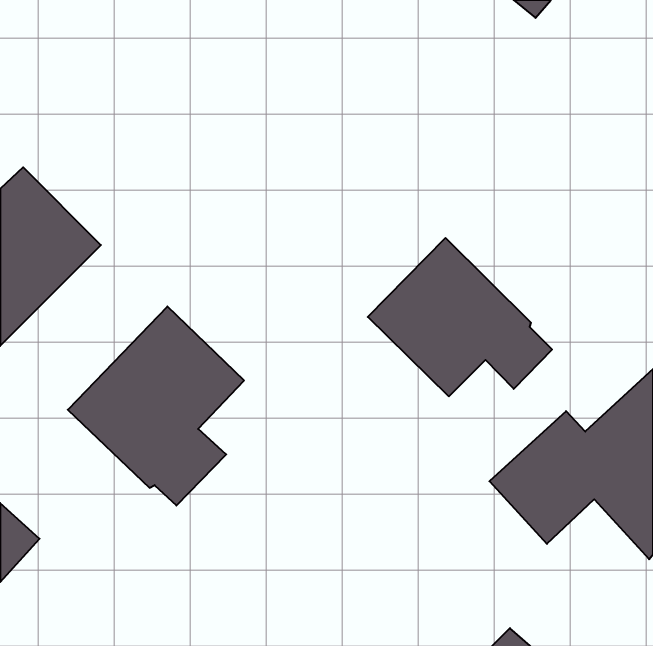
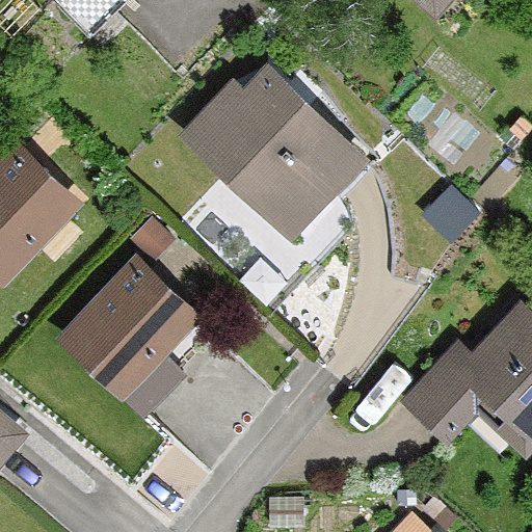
building: none -> [176,50,371,243]
building: [368,238,552,396] -> none

